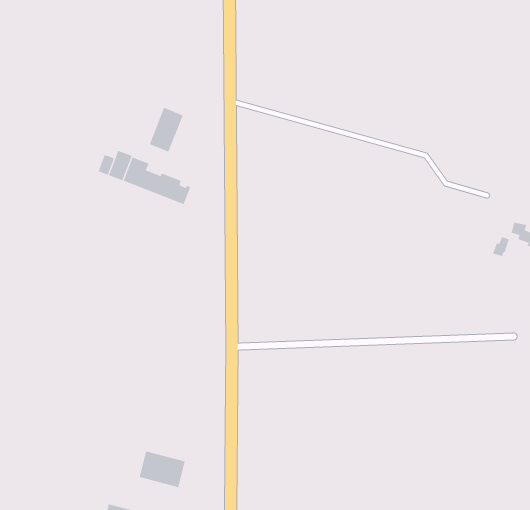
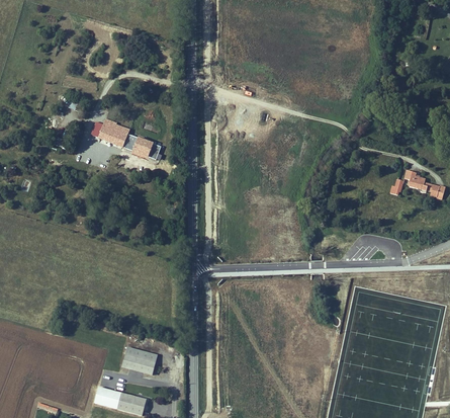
building: [149,107,183,153] -> none

